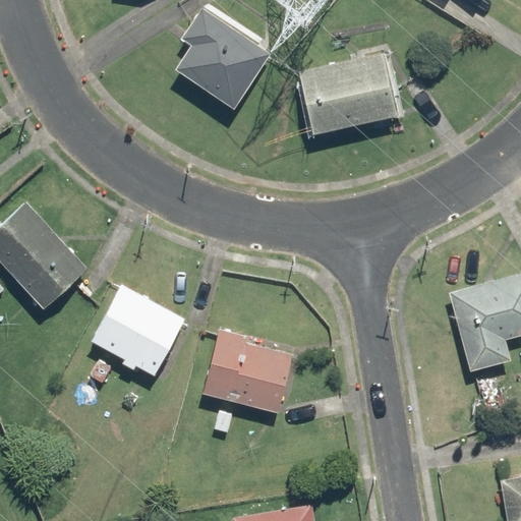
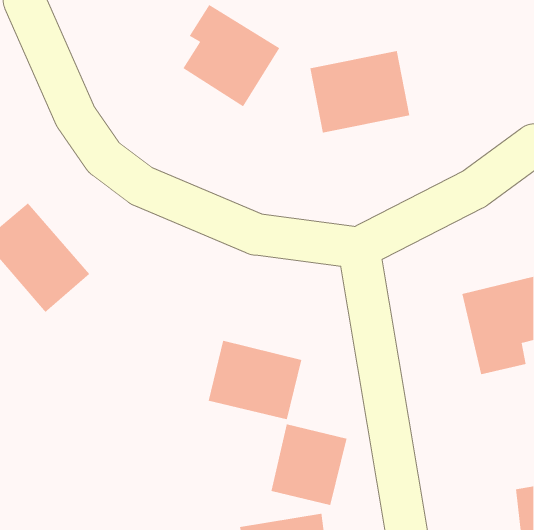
building: [94,285,184,372] -> none
building: none -> [271,423,347,506]

